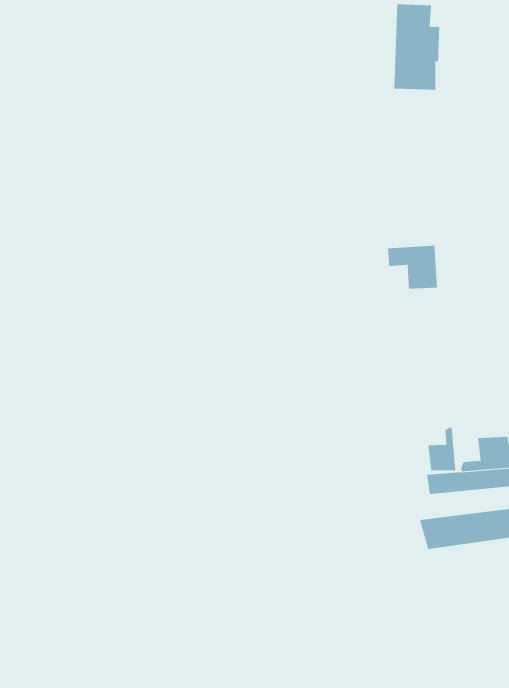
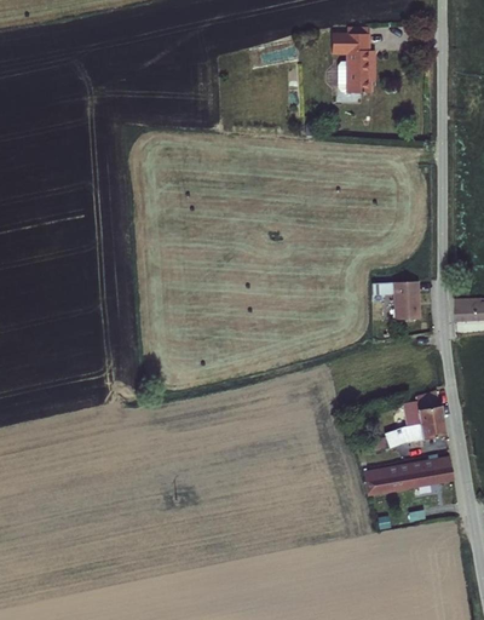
building: [387,245,438,289] -> [373,280,416,317]
building: [428,427,456,471] -> none

